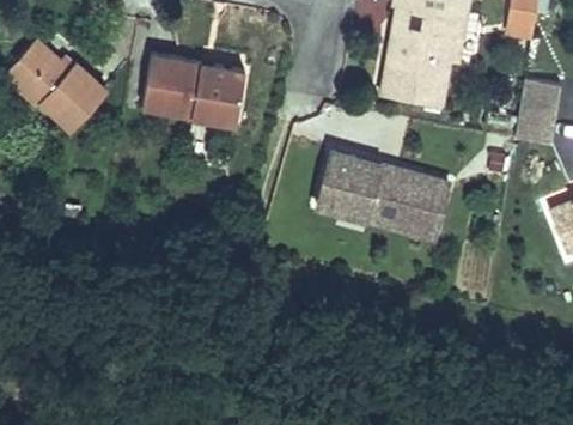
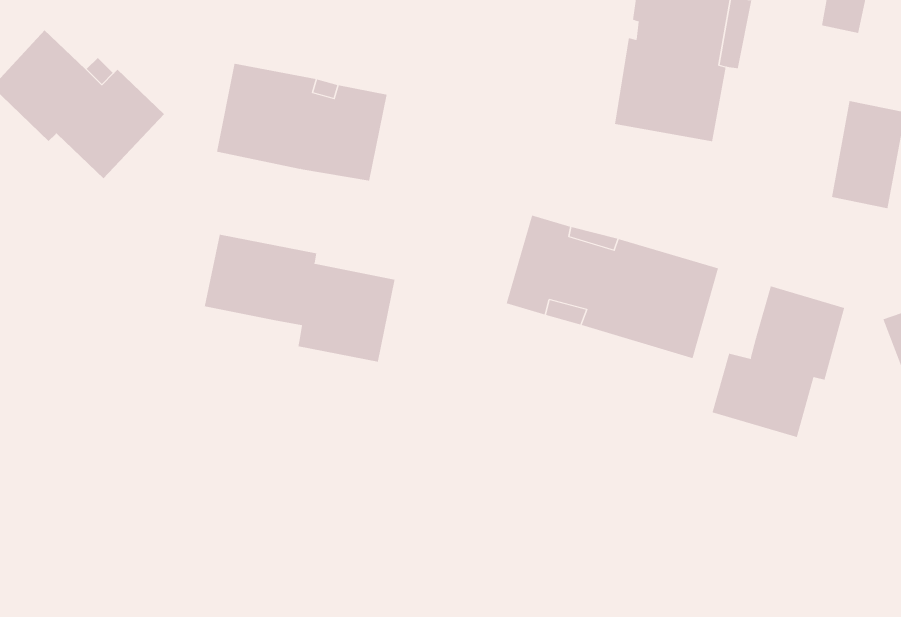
building: none -> [204,234,395,363]
building: none -> [712,286,845,438]

